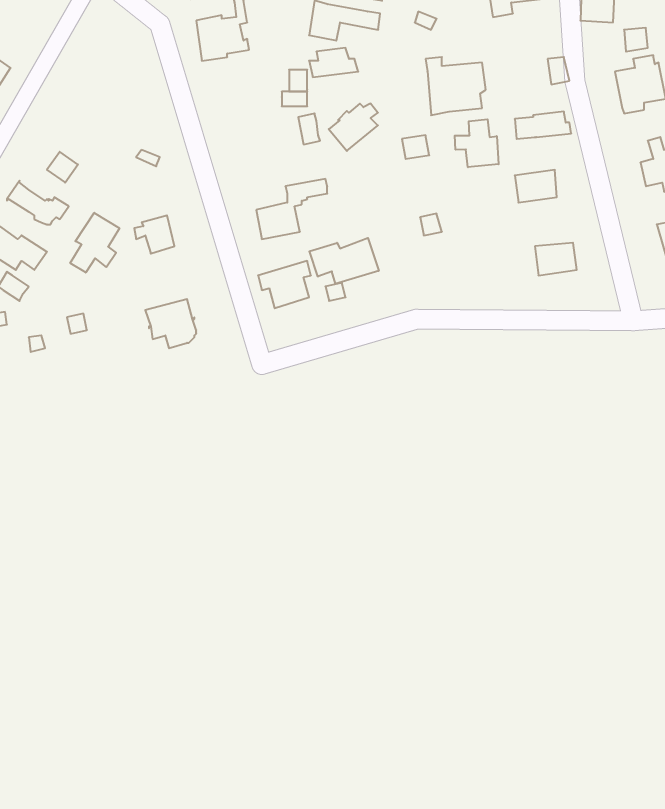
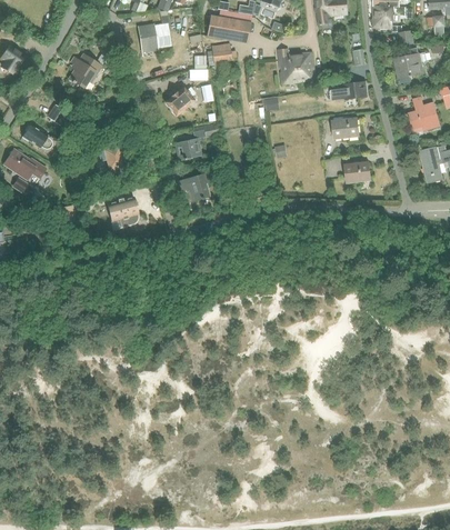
building: none -> [69,53,101,88]
building: [329,104,378,151] -> [164,87,194,116]
building: [455,119,499,167] -> none
building: [70,213,119,273] -> none
building: [309,238,379,284] -> none

